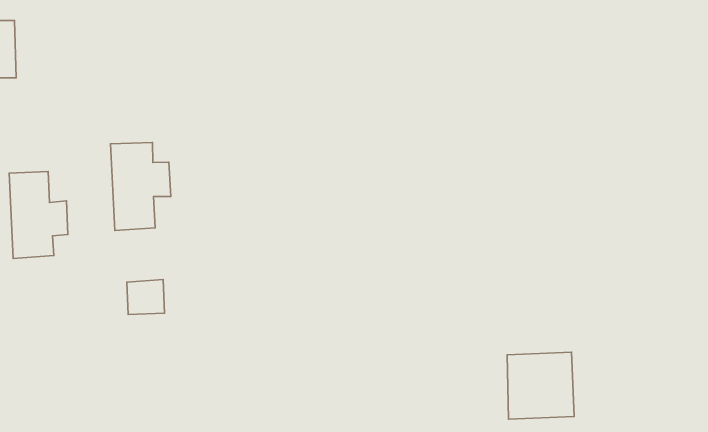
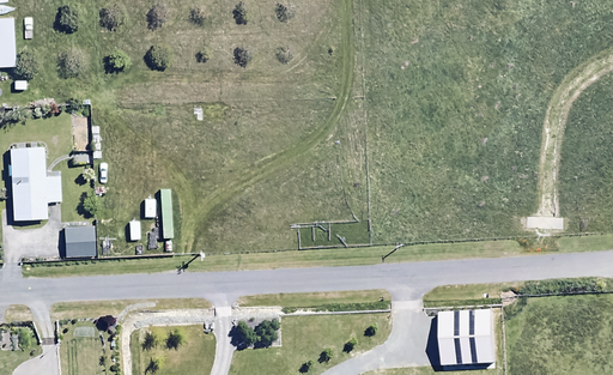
building: [110,142,171,230] -> none
building: [127,279,164,314] -> [62,228,95,258]

